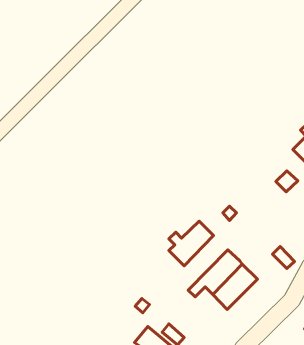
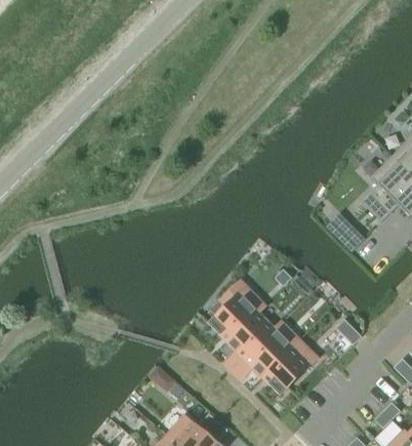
building: none -> [225,306,282,372]

